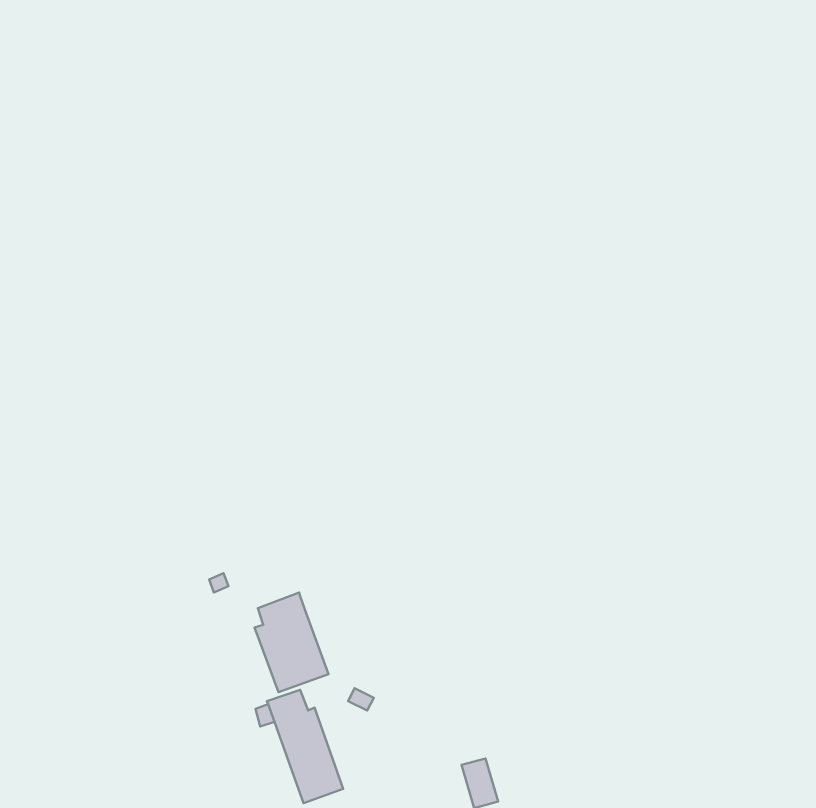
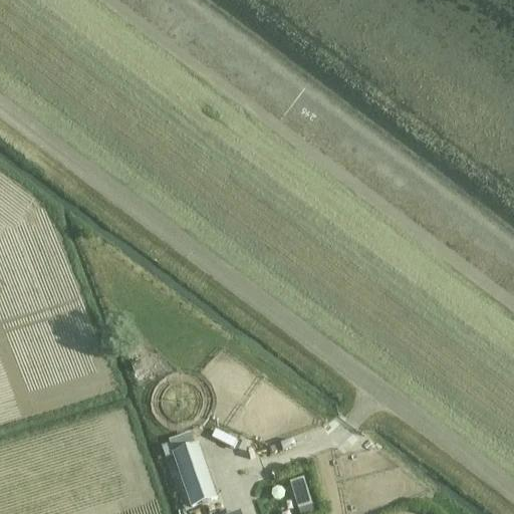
building: [255,592,329,692] -> none

